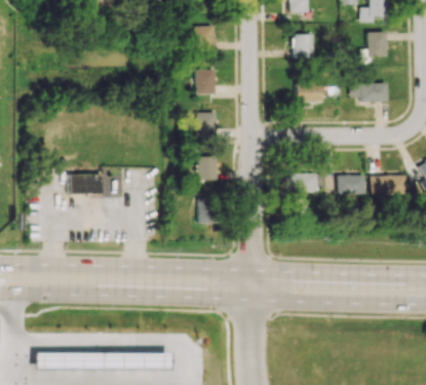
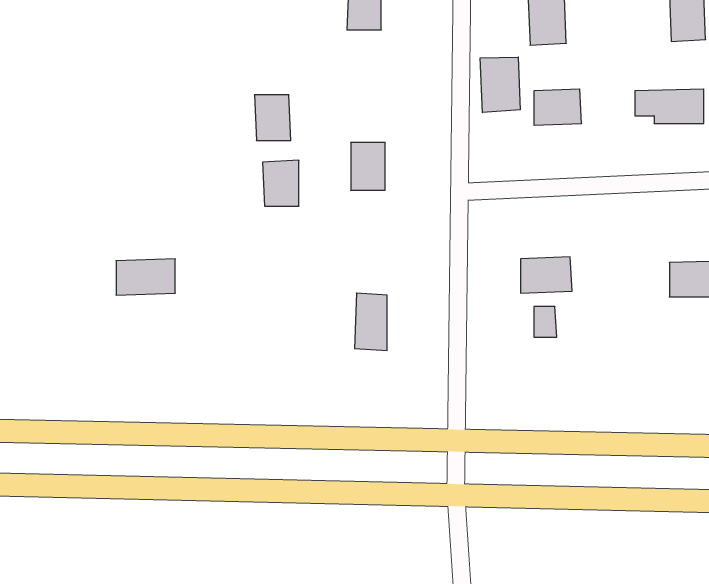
building: none -> [480,57,520,113]
building: [196,70,216,94] -> [254,95,291,141]
building: [197,156,217,181] -> [263,160,299,206]
building: [336,176,363,195] -> none

